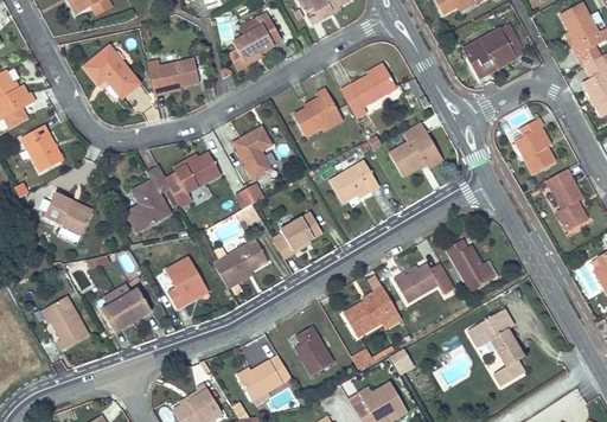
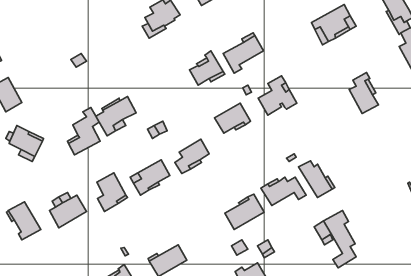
building: [83,45,140,97] -> none
building: [158,58,198,89] -> none
building: [234,126,270,178] -> none
building: [548,170,587,231] -> none
building: [294,325,333,375] -> none

